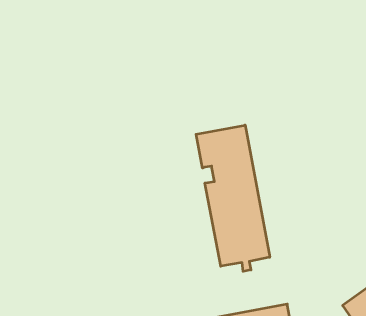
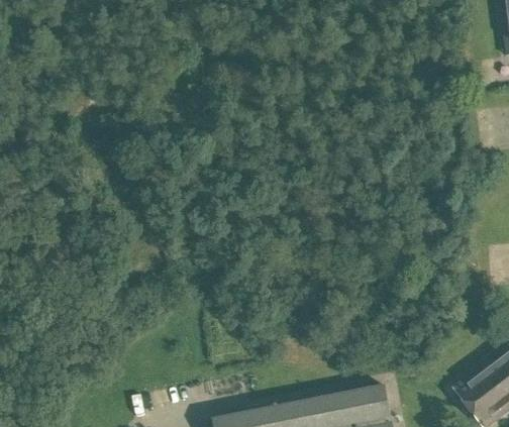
building: [196,125,270,271] -> none

